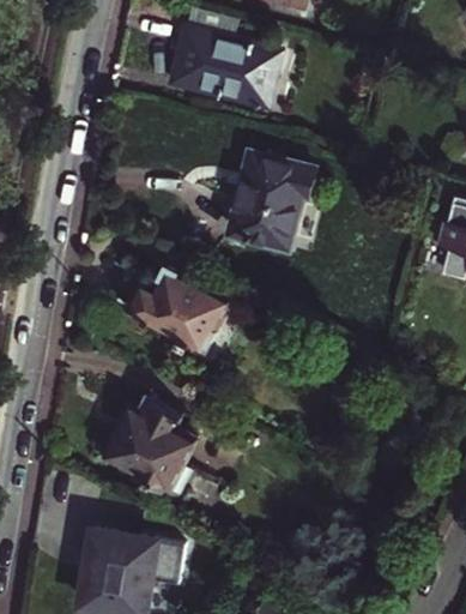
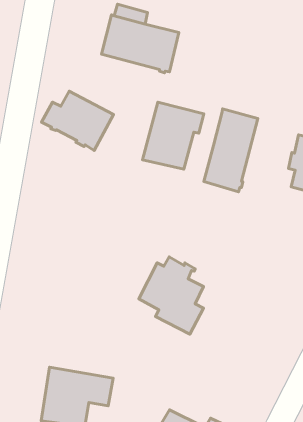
building: none -> [204,109,258,192]
building: [129,265,232,350] -> [41,91,114,151]
building: [107,398,199,508] -> [139,257,203,334]

